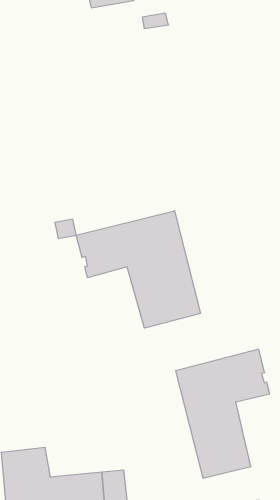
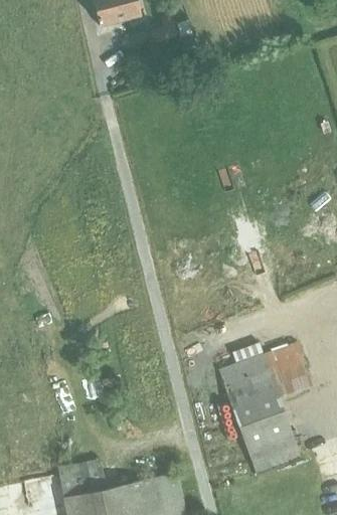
building: [76,211,201,328] -> none

